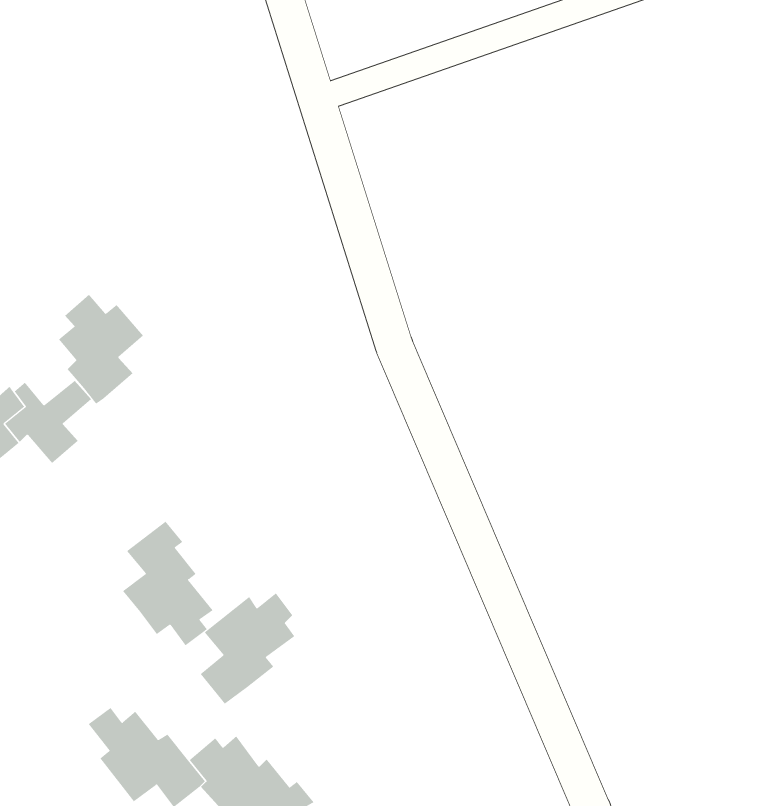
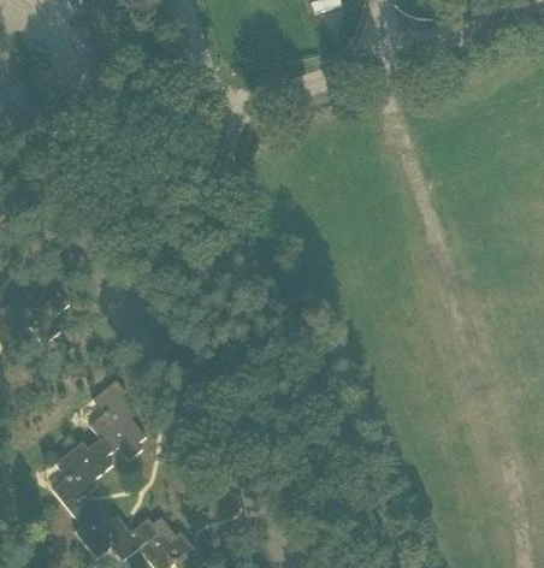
building: [58,294,144,405] -> none
building: [200,592,295,705] -> [49,438,110,509]

